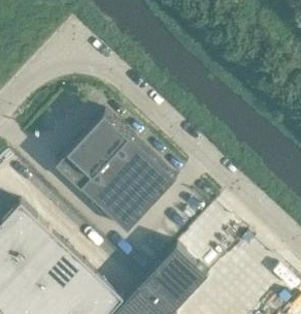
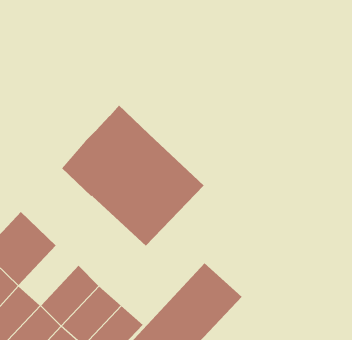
building: [19,231,69,282] -> none

